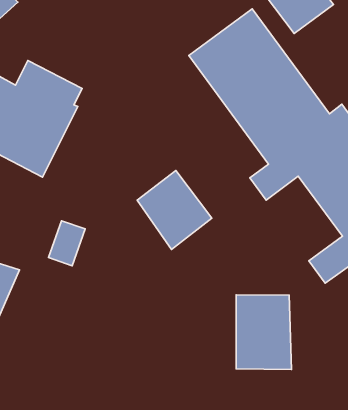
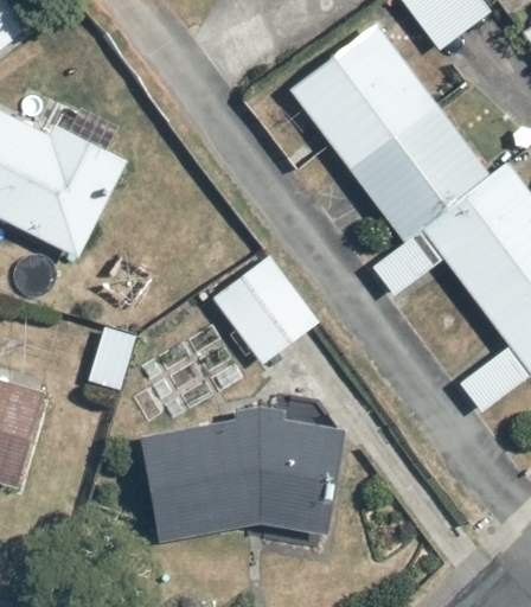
building: none -> [135,405,343,545]
building: [236,295,292,369] -> none

